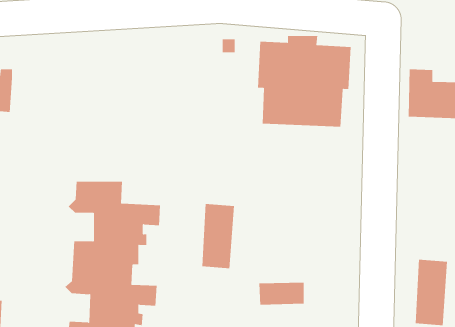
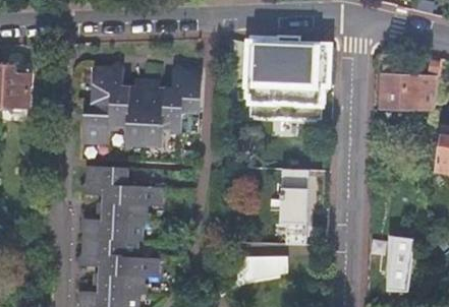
building: none -> [82,62,203,146]
building: [202,203,235,269] -> [282,169,312,227]

